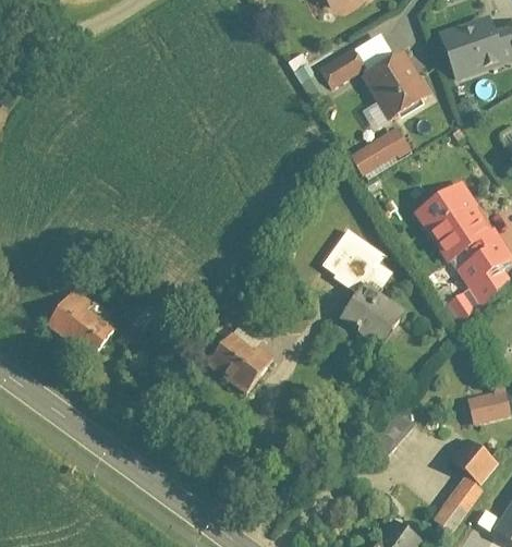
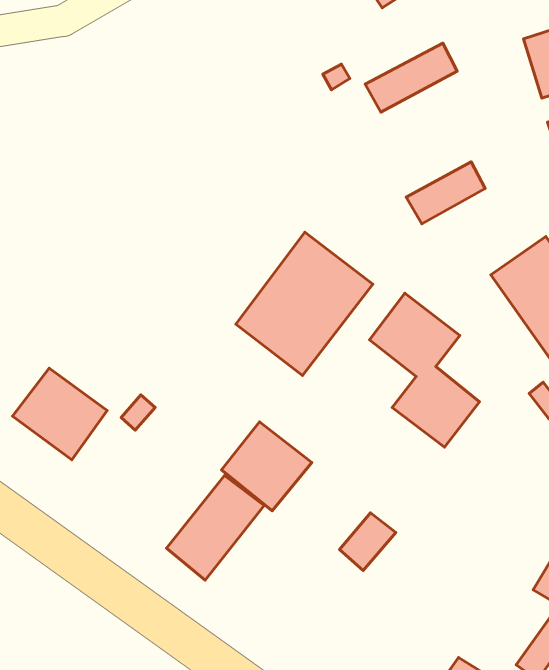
building: [366,53,431,121] -> none
building: none -> [236,232,373,376]
building: none -> [167,476,264,580]
building: [371,410,415,454] -> [339,513,396,571]

